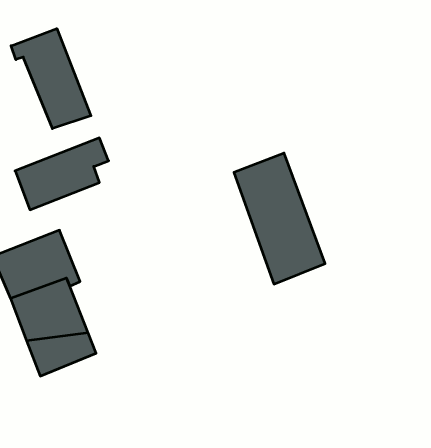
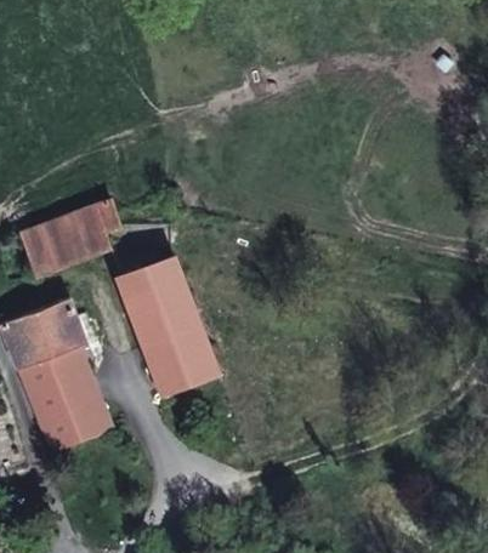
building: [11,29,91,129] -> none
building: [234,153,325,284] -> [120,256,217,395]

